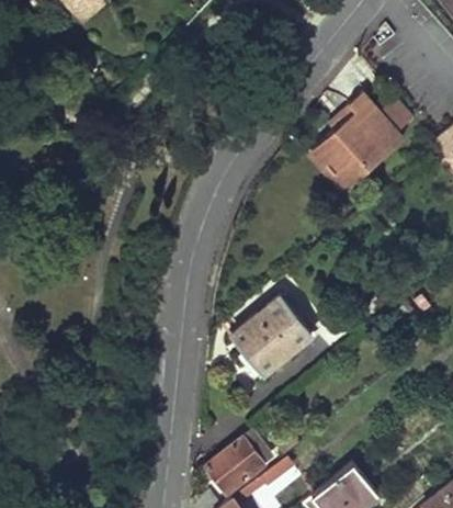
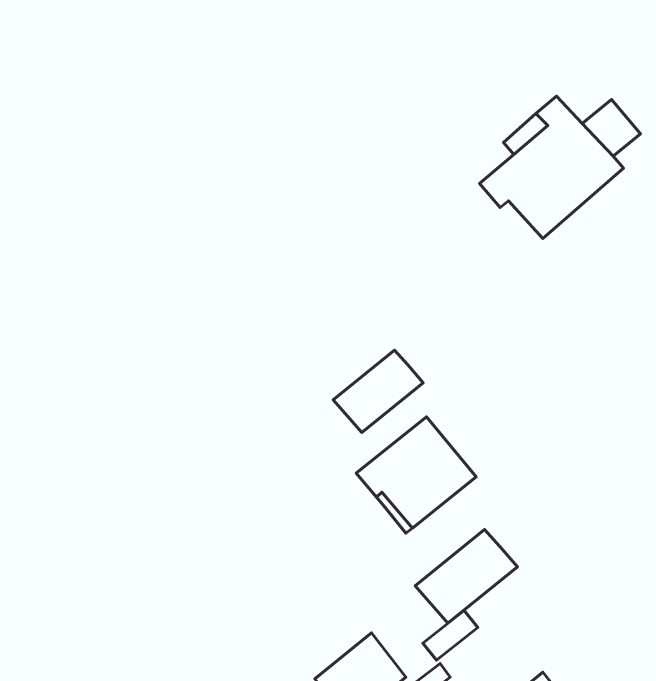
building: none -> [333,350,423,433]
building: none -> [415,530,517,623]

